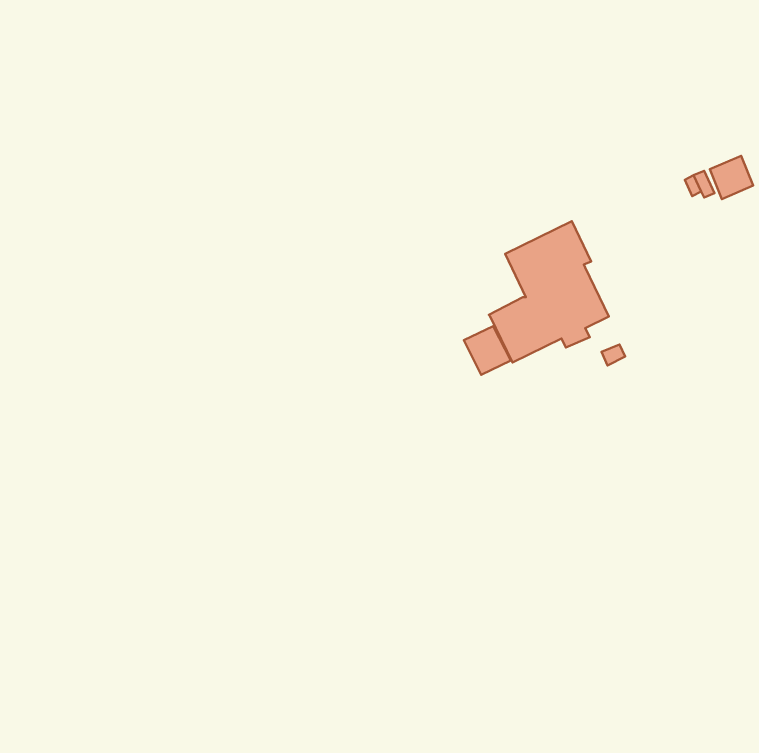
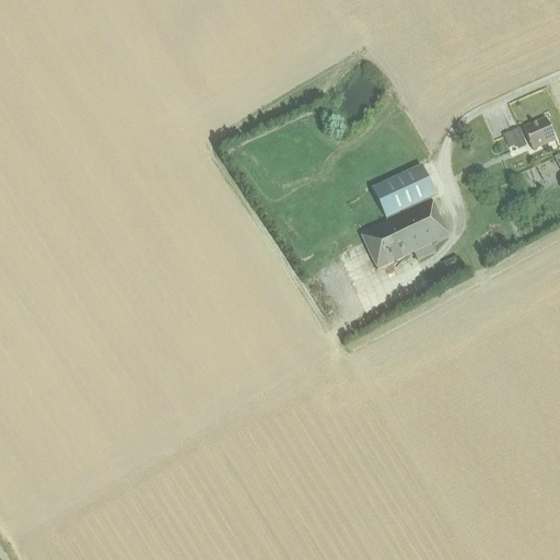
building: [464,326,511,375] -> none

